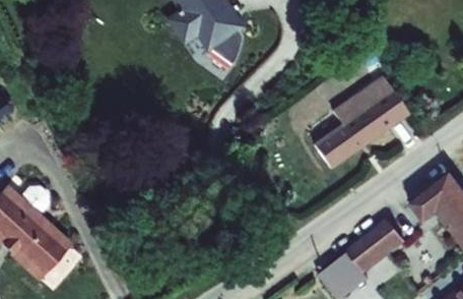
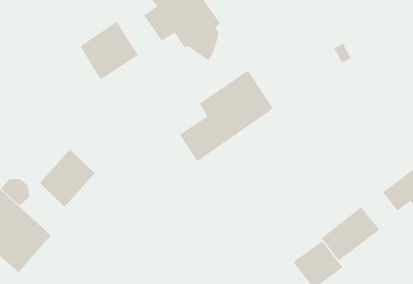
building: none -> [79,21,138,80]
building: [313,77,409,172] -> [179,70,273,162]
building: none -> [39,149,96,207]

